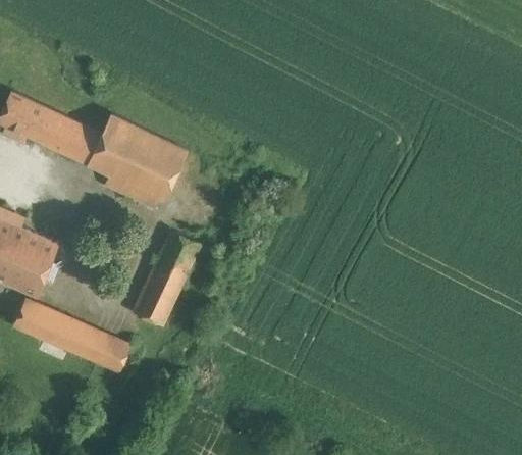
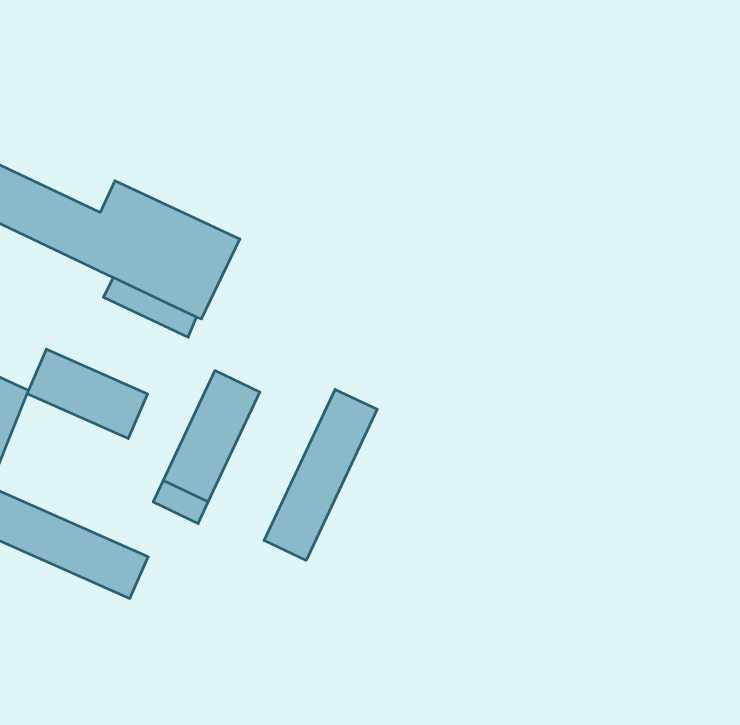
building: none -> [27,349,148,439]
building: none -> [264,389,377,560]

